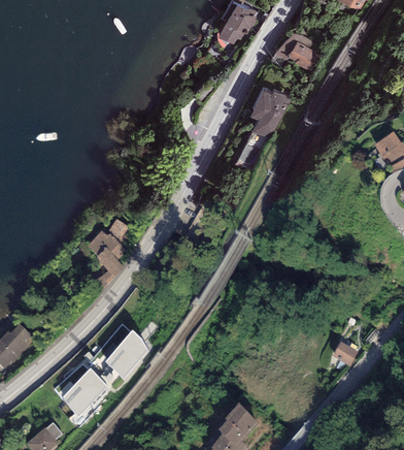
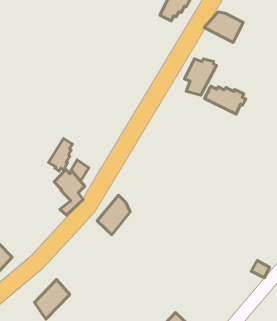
building: none -> [205,86,246,114]
building: none -> [48,139,72,171]
building: [104,328,145,378] -> [97,195,130,235]

